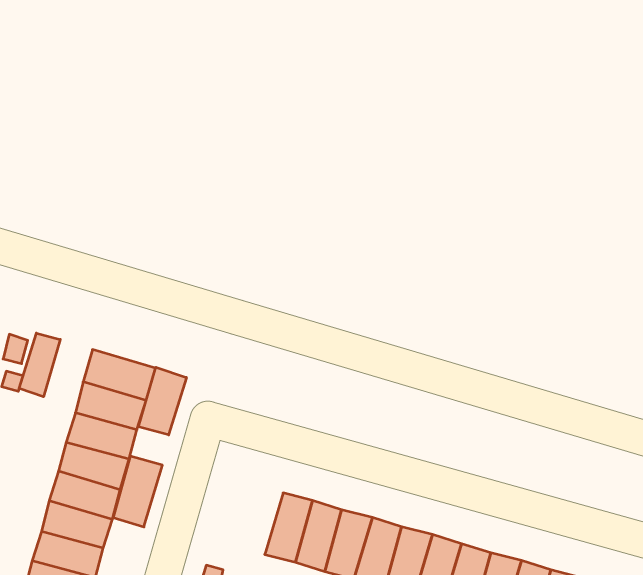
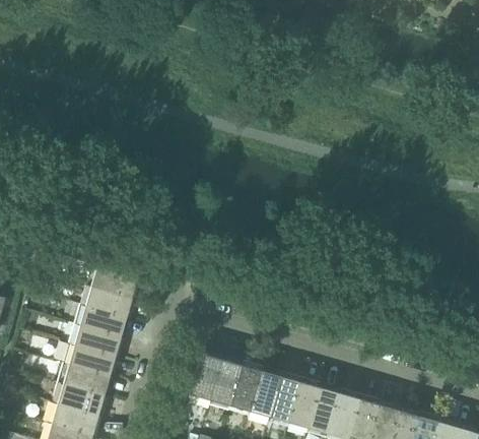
building: [19,333,60,397] -> none
building: [139,367,186,435] -> none
building: [113,456,162,527] -> [189,354,221,400]

